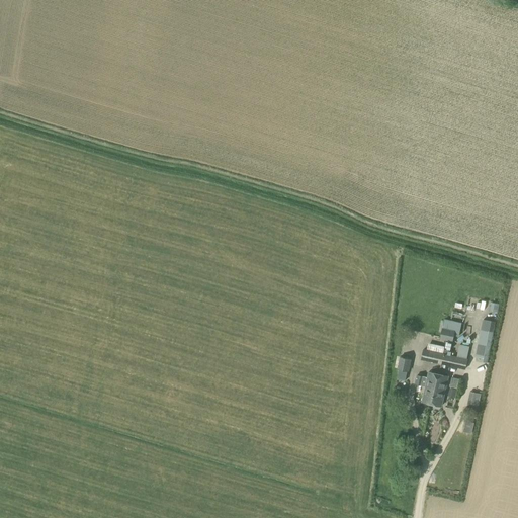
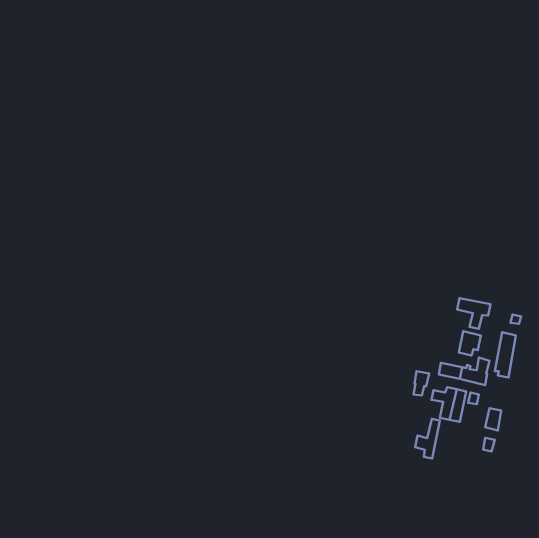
building: none -> [457,298,490,329]
building: none -> [415,419,440,459]

